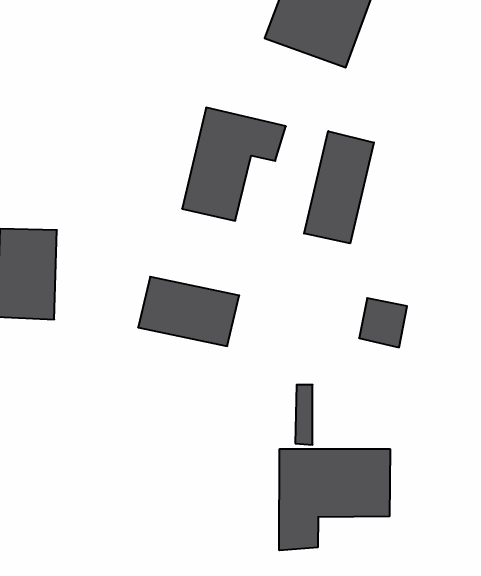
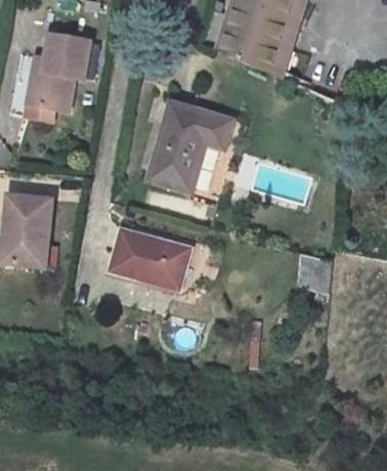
building: none -> [26,36,89,115]
building: [304,131,374,243] -> none
building: [279,449,390,550] -> none

